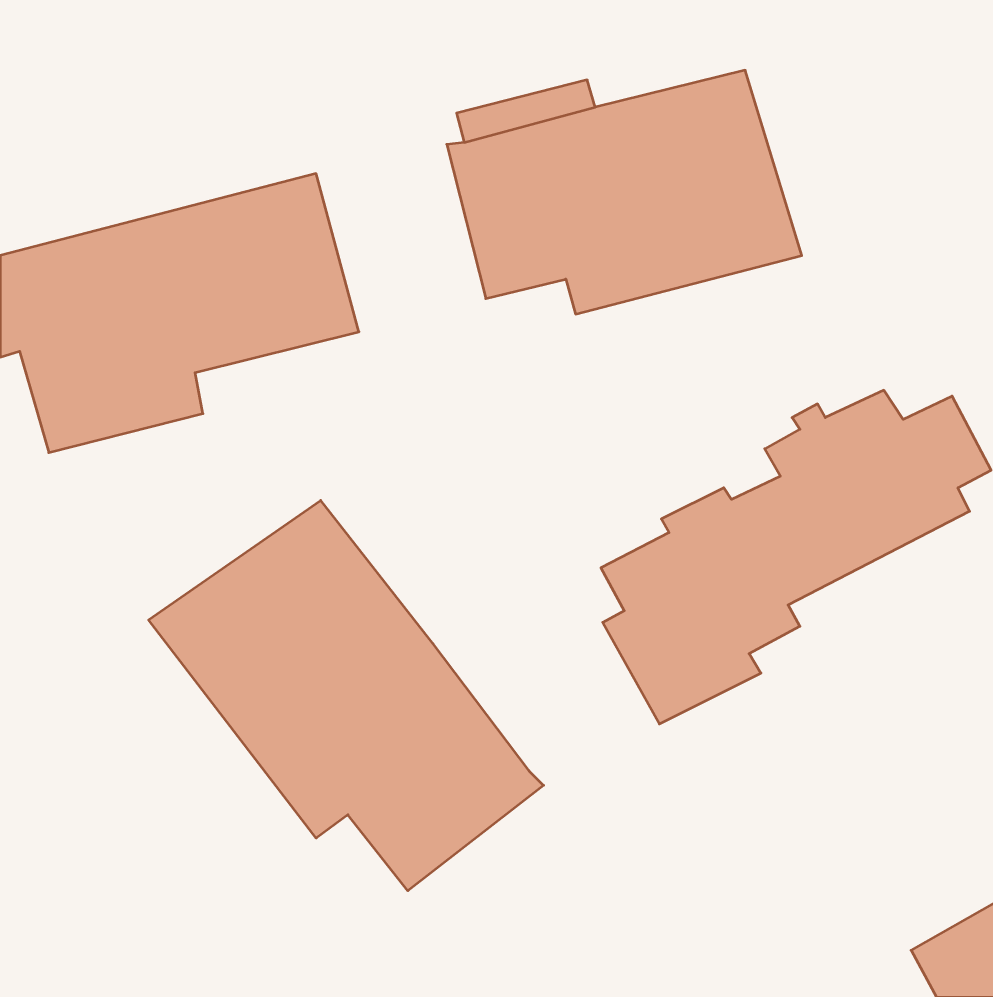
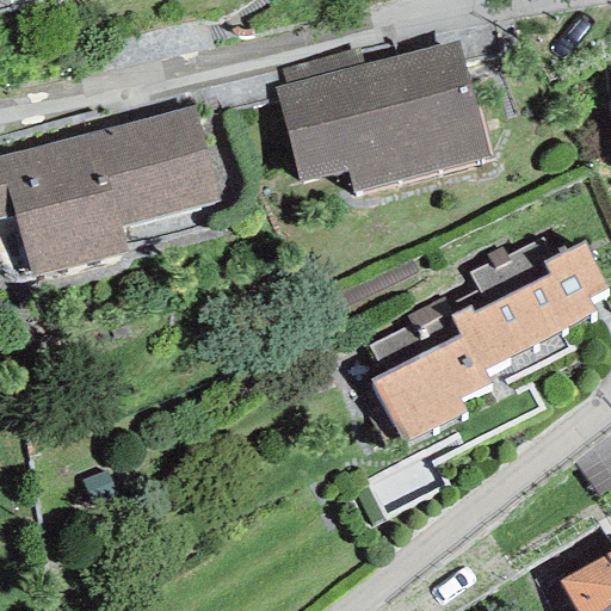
building: [149,500,544,891] -> none

